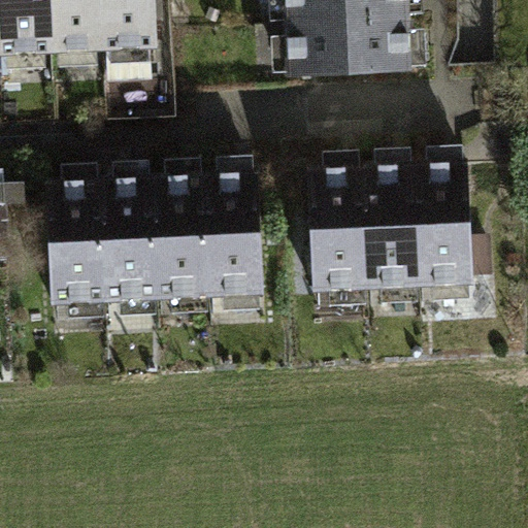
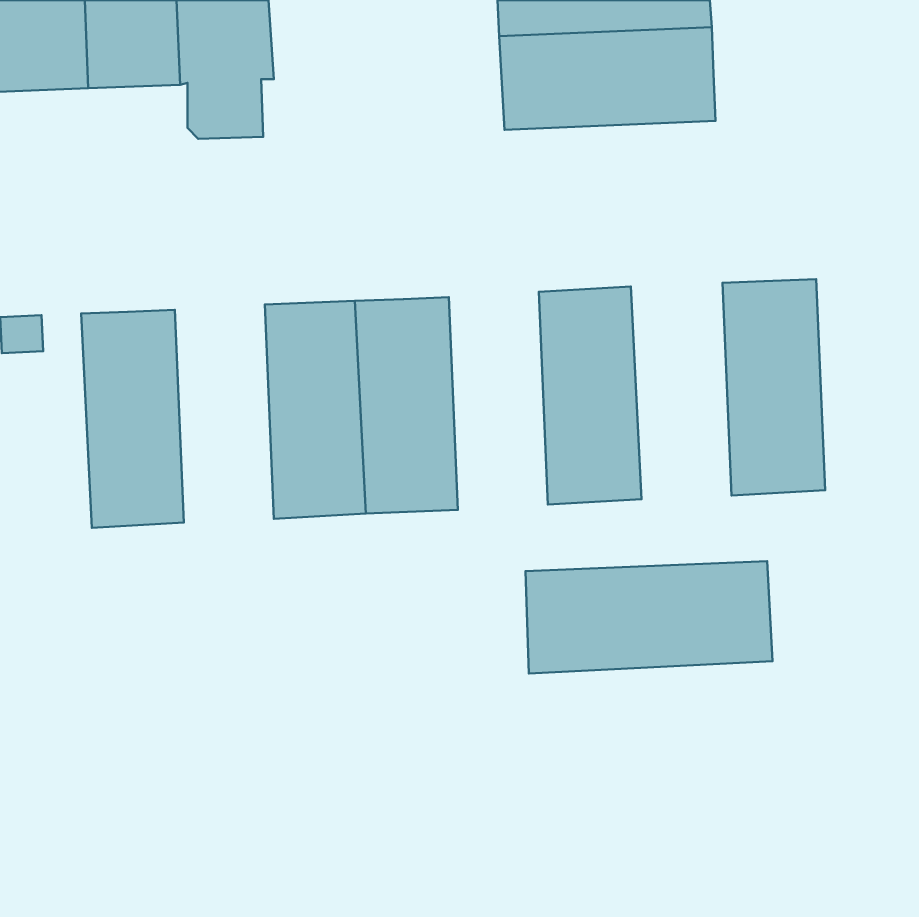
building: [361,164,419,288] -> none
building: [100,176,157,301] -> none
building: none -> [525,561,772,673]

